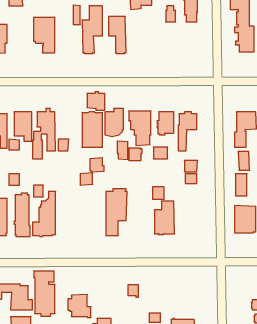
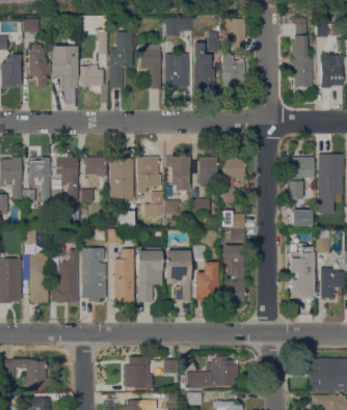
building: none -> [194,43,215,87]
building: none -> [27,45,50,86]
building: none -> [221,48,245,87]
building: none -> [165,54,188,90]
building: none -> [81,65,103,87]
building: [87,92,105,110] -> [85,155,106,176]
building: none -> [222,245,245,296]
building: none -> [113,248,133,301]
building: none -> [166,250,190,301]
building: [34,271,55,316] -> [80,248,105,301]
building: none -> [186,356,238,388]
building: [68,294,91,317] -> [125,359,152,386]

